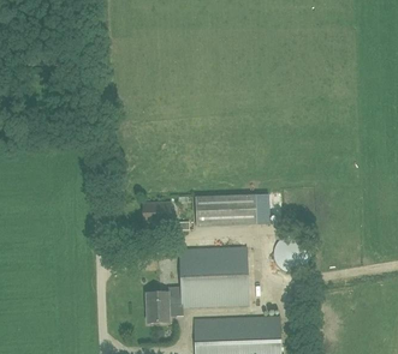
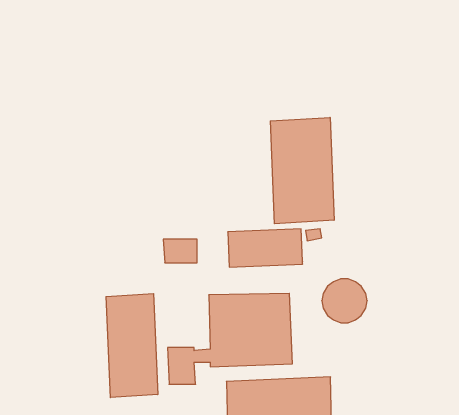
building: none -> [270,117,334,224]
building: none -> [106,294,158,398]

